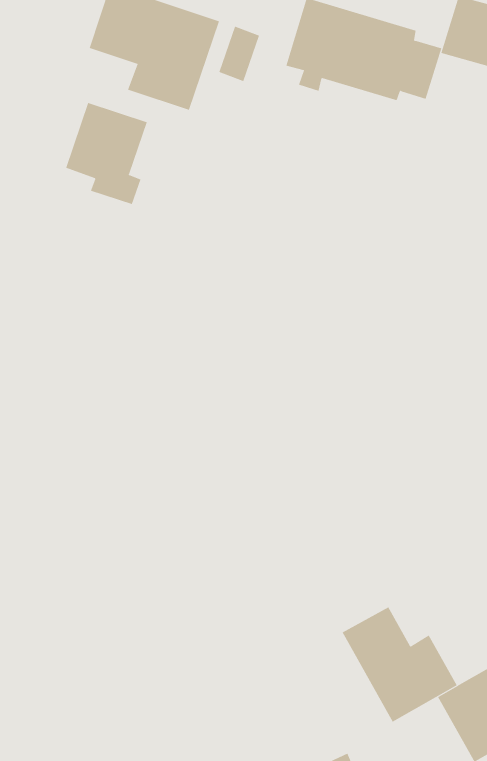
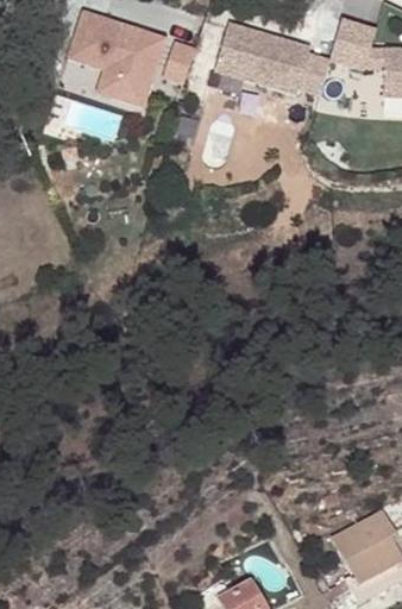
building: [65,102,147,205] -> none
building: [342,606,457,722] -> none

